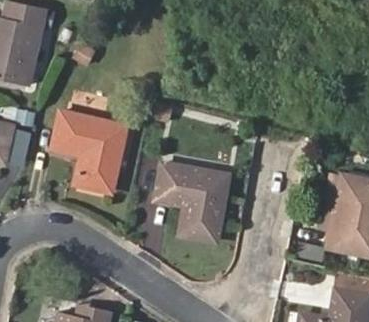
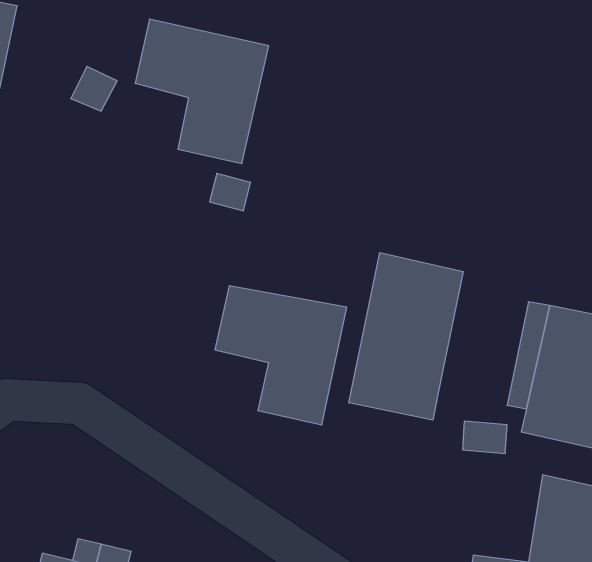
building: [52,111,127,192] -> [135,19,269,163]
building: none -> [349,253,463,420]

